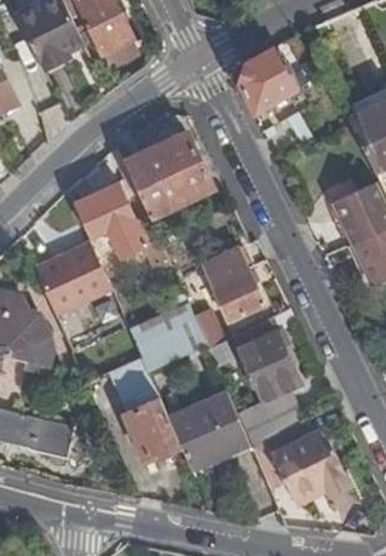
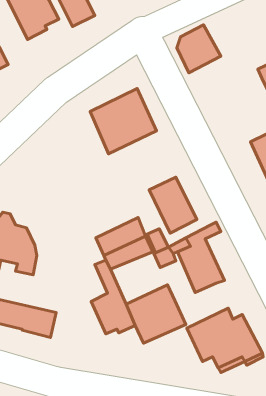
building: [76,184,160,257] -> none
building: [28,246,108,315] -> none
building: [237,389,304,445] -> none

